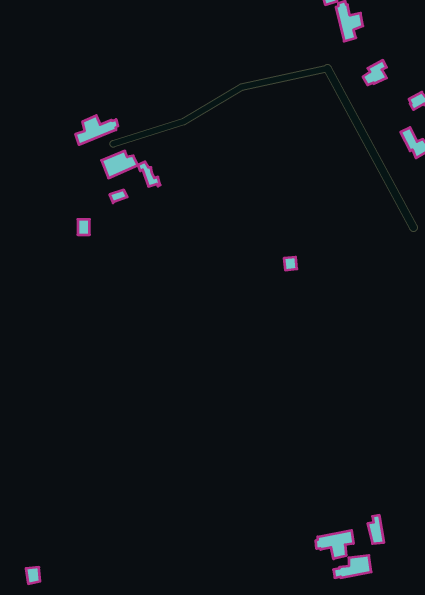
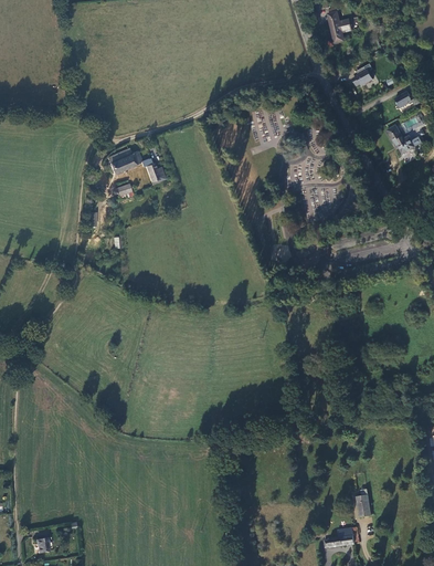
building: [76,115,118,145] -> none
building: [316,530,353,559] -> none

